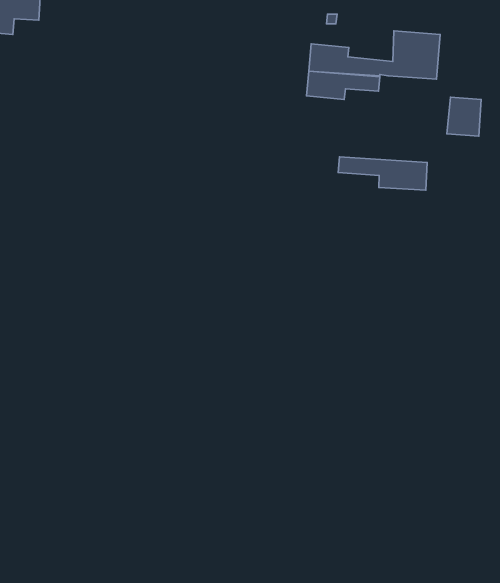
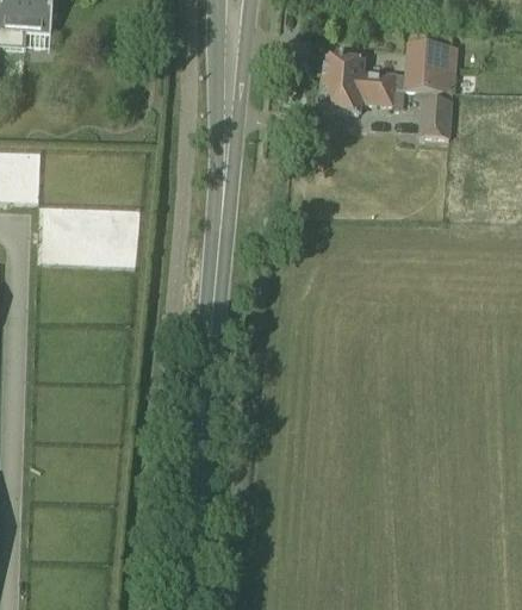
building: [447,97,481,136] -> [416,98,450,137]
building: [338,157,427,190] -> none

